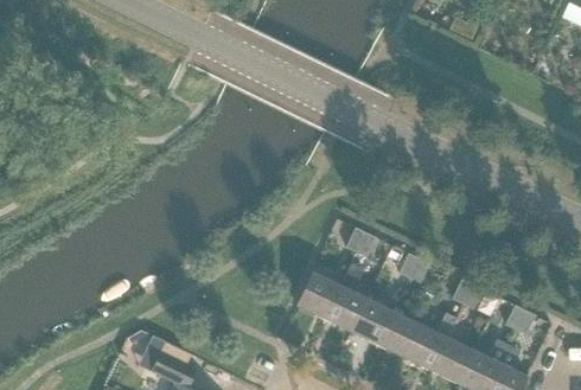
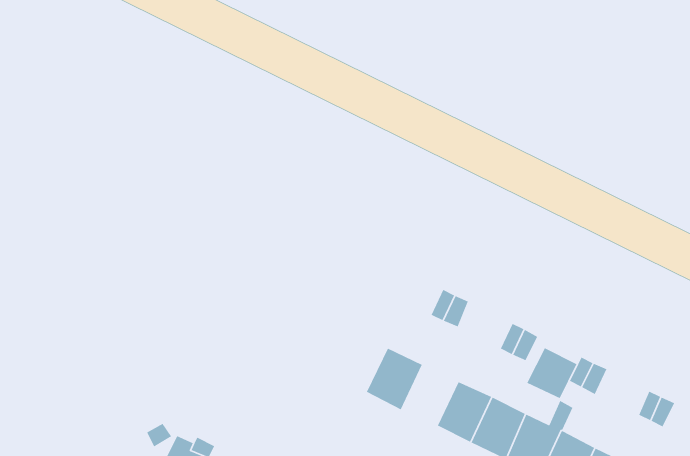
building: none -> [526,347,578,399]
building: [324,284,368,332] -> none

